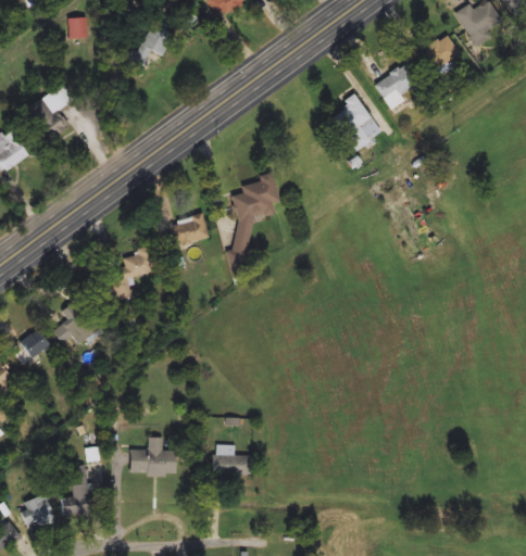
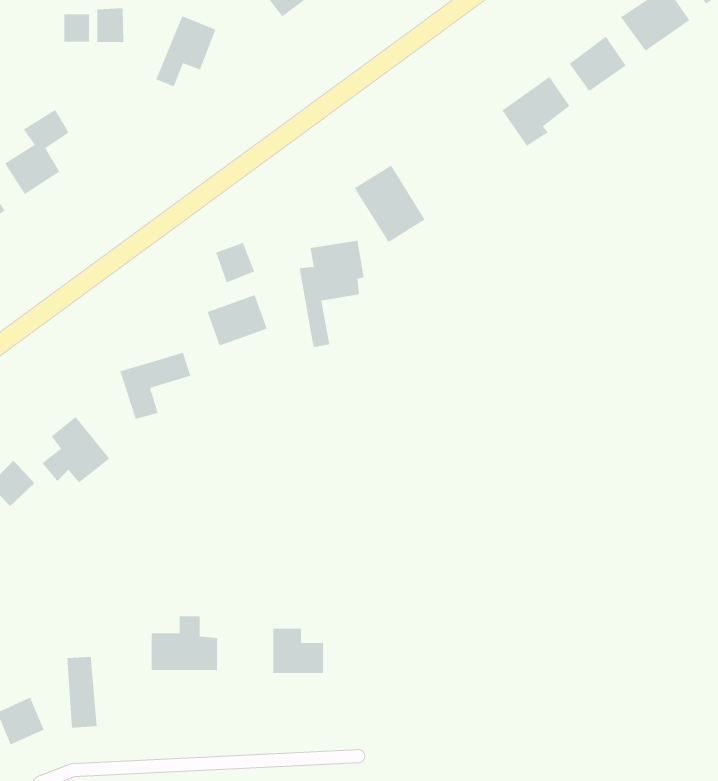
building: none -> [97,8,124,43]
building: [330,96,380,150] -> [354,165,426,243]
building: none -> [216,242,255,283]

